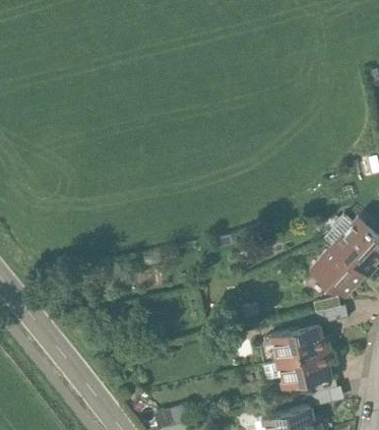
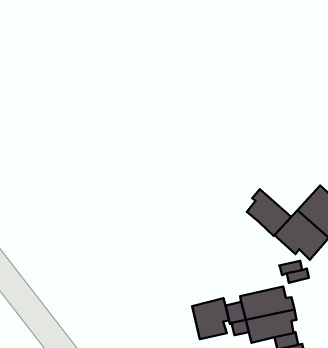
building: none -> [247,189,291,236]
building: none -> [192,298,229,339]

